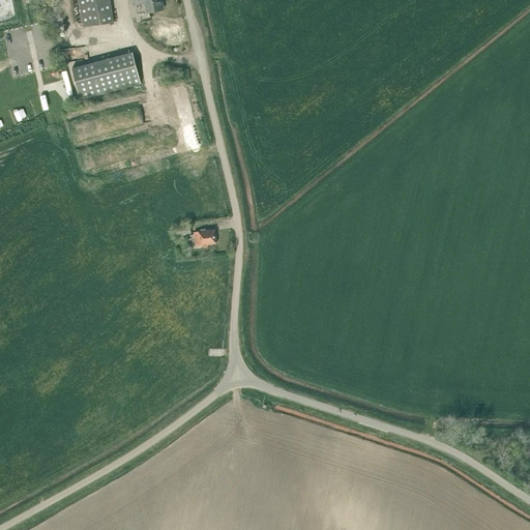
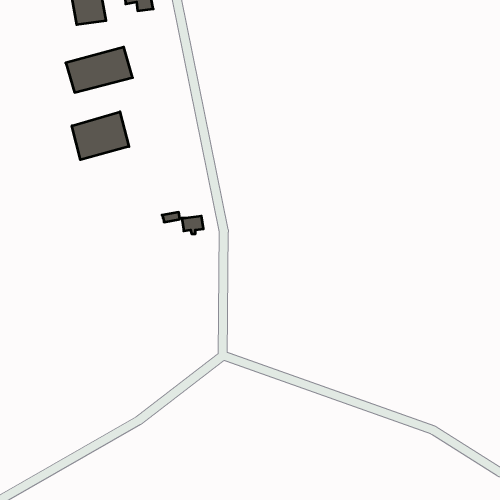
building: none -> [72,112,129,160]

